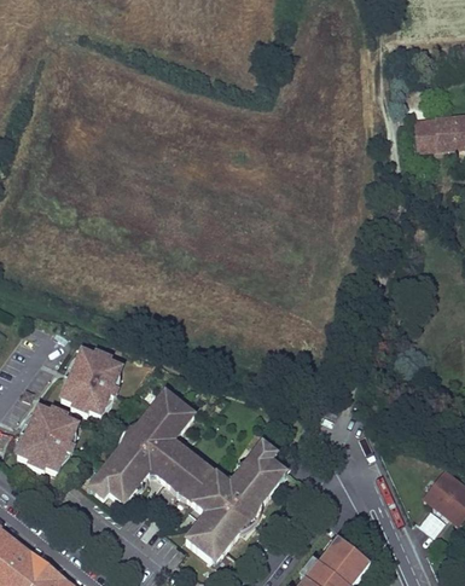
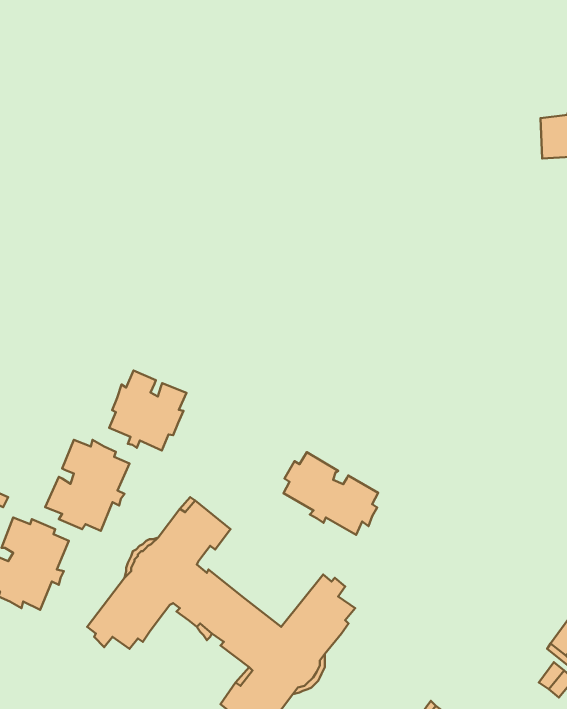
building: none -> [109,370,186,450]
building: none -> [283,452,378,535]

